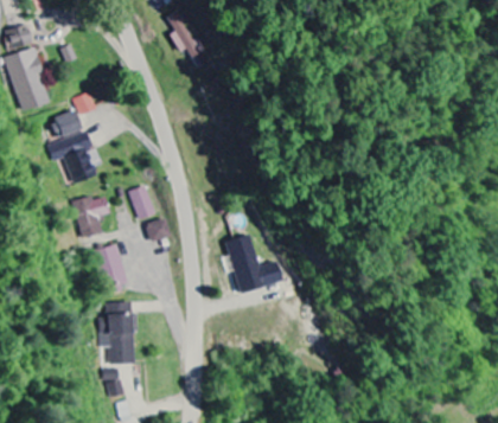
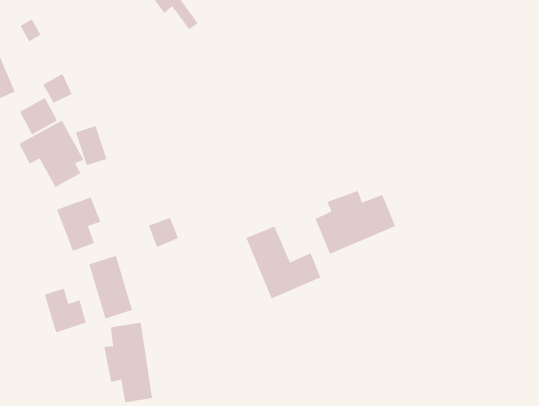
building: [130,186,154,218] -> [75,125,107,166]
building: none -> [315,190,396,254]
building: none -> [44,288,86,333]

